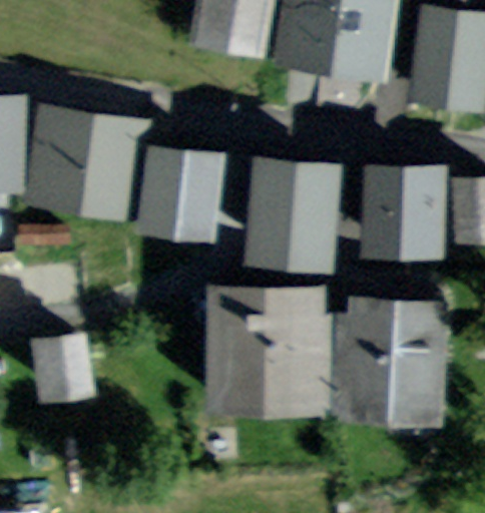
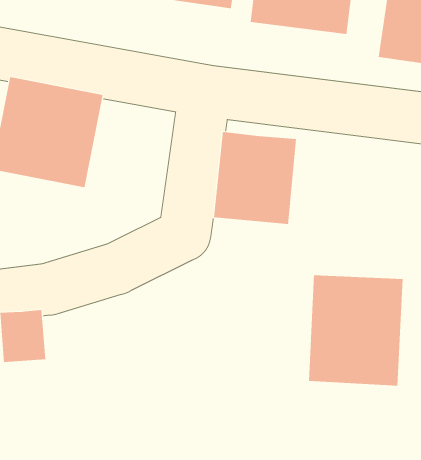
building: [146,153,217,234] -> none
building: [374,176,439,246] -> none
building: [220,292,332,408] -> none

